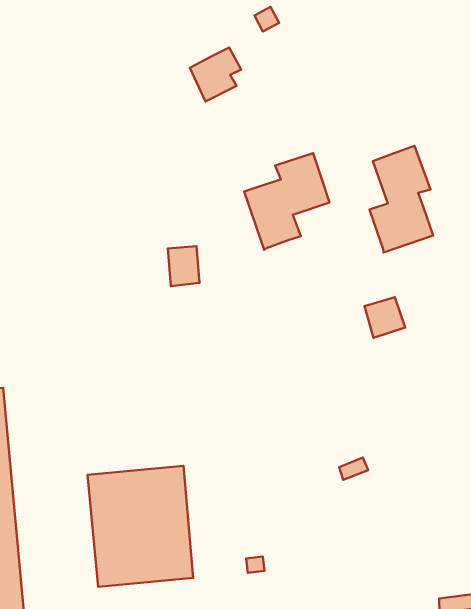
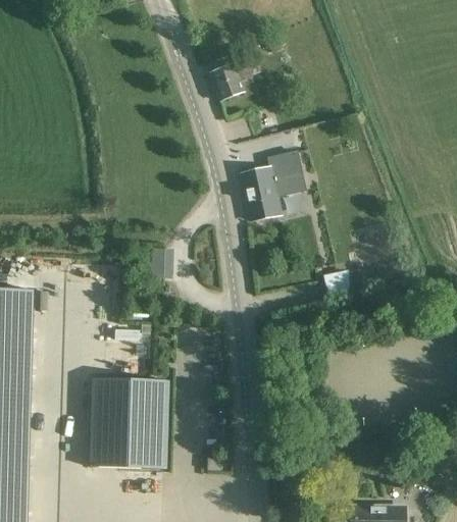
building: [369,146,433,253] -> none
building: [168,246,199,286] -> [150,246,173,275]

